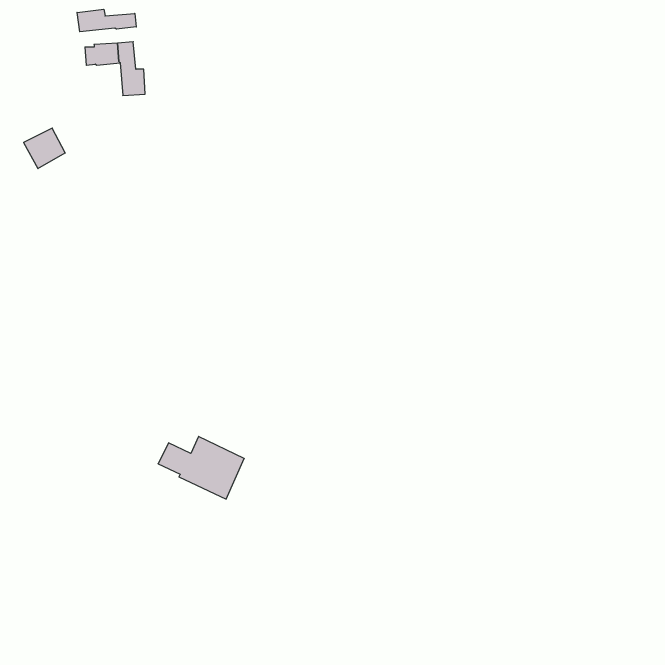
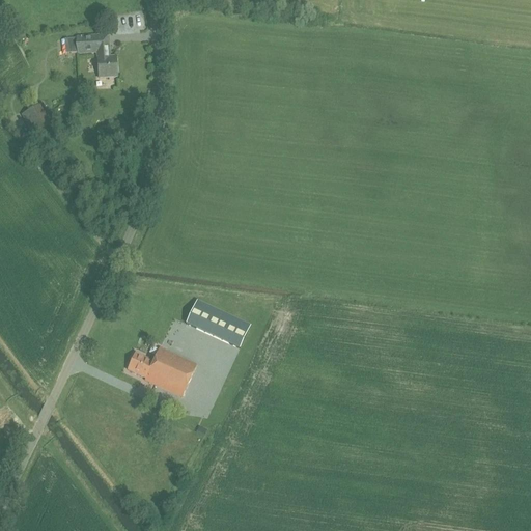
building: [77,9,136,32] -> none
building: none -> [185,299,249,347]

